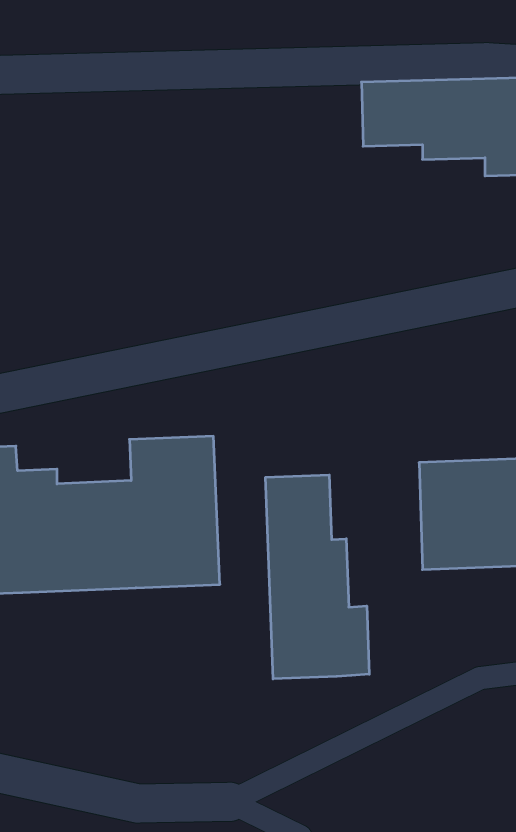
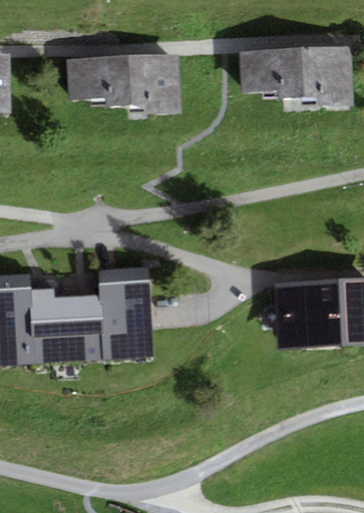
building: none -> [67,54,180,114]
building: [266,475,369,679] -> none

